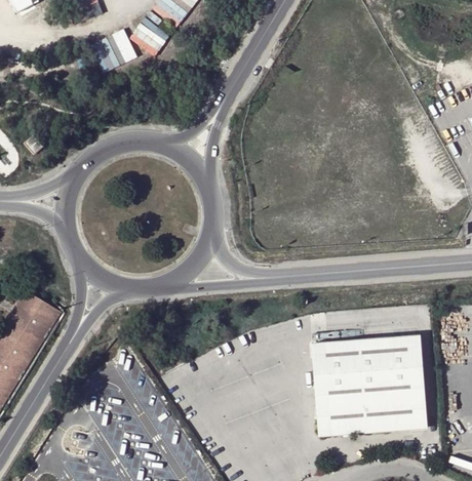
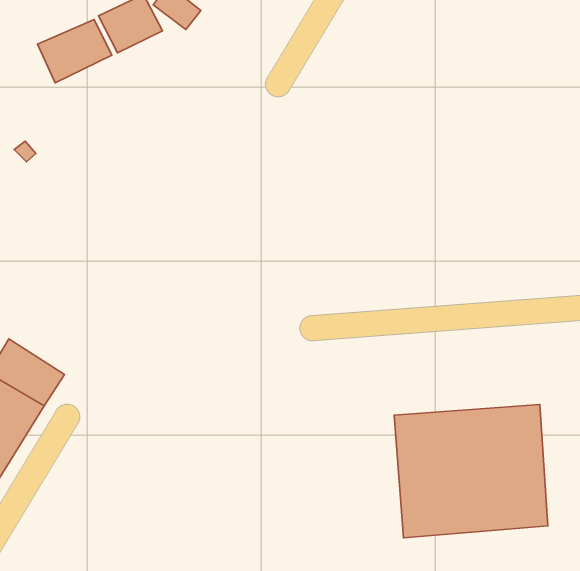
building: none -> [38,19,112,83]

